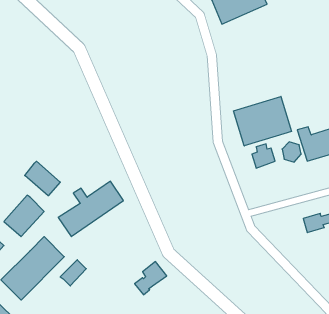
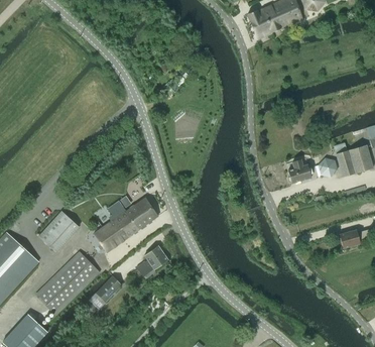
building: [234,96,292,146] -> none
building: [25,161,60,196] -> none
building: [135,262,167,295] -> [136,244,168,277]

